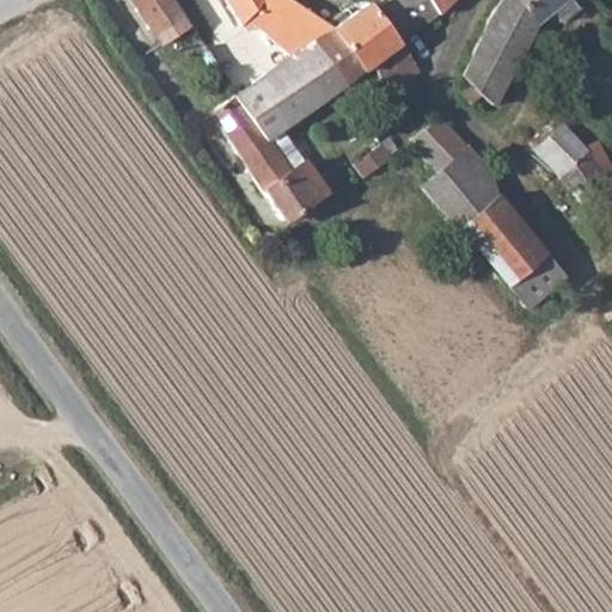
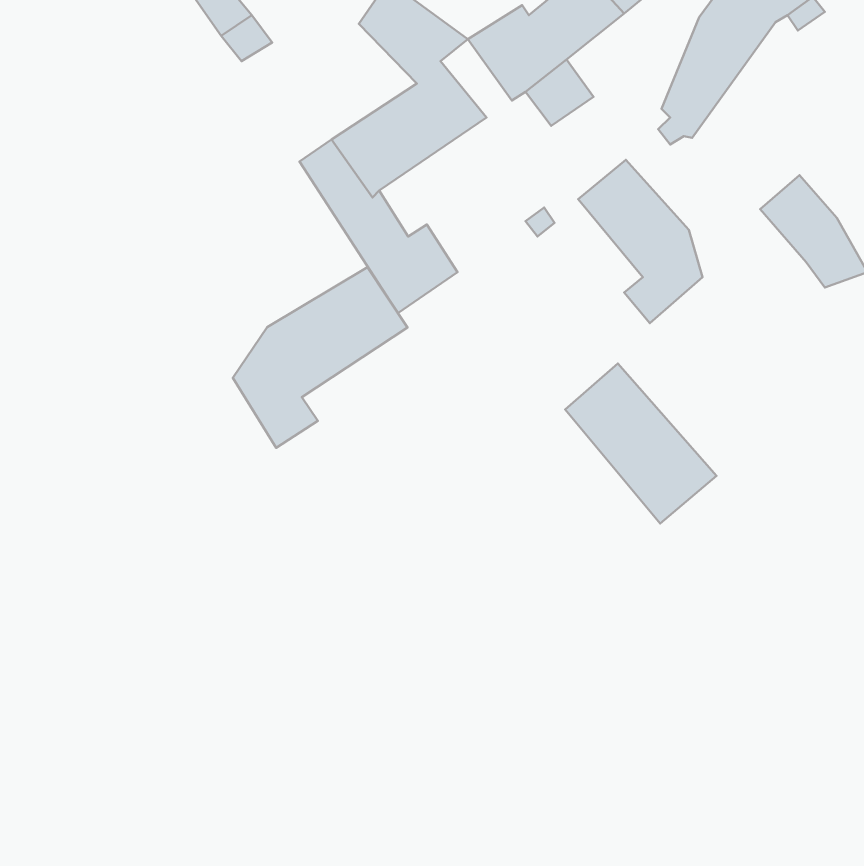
building: [313,27,363,82] -> none
building: none -> [233,267,408,448]
building: [460,195,567,307] -> [565,363,716,523]

